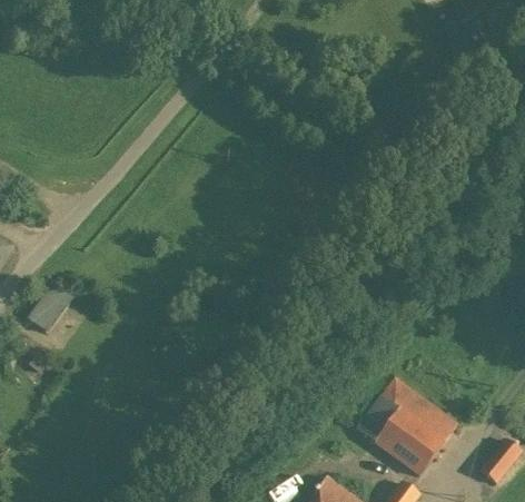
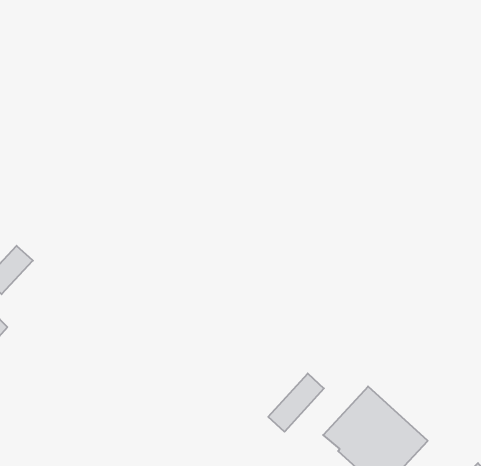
building: none -> [268,373,324,432]

